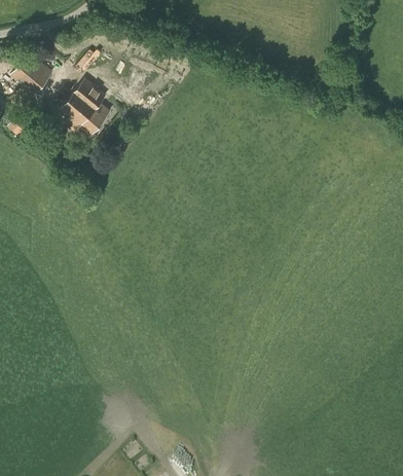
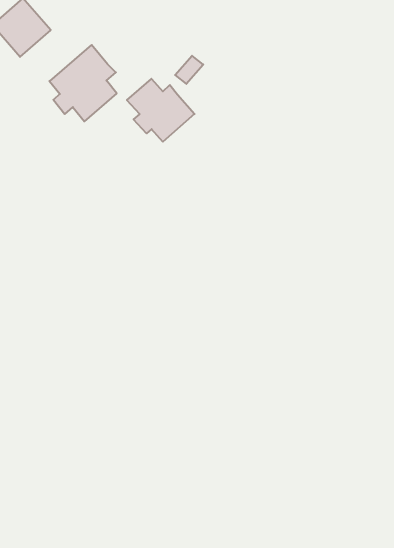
building: none -> [127,79,195,142]

